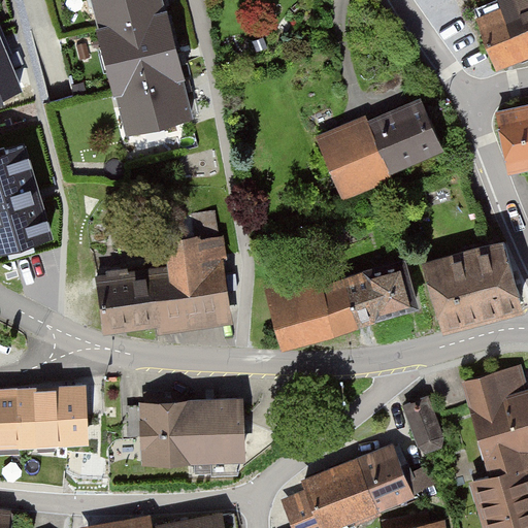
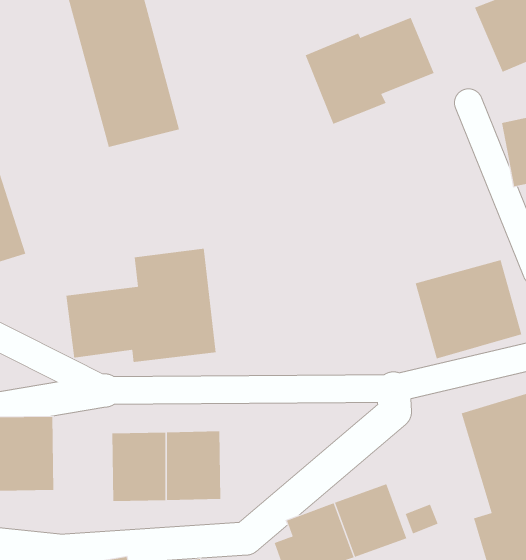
building: [316,103,435,202] -> [305,17,435,125]
building: [260,262,412,348] -> none
building: [405,393,446,449] -> none

